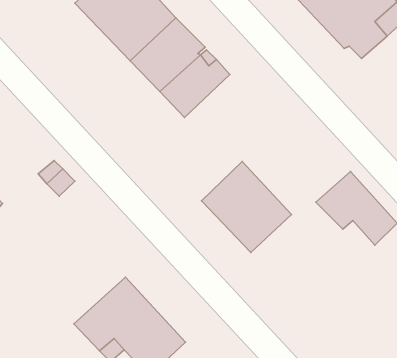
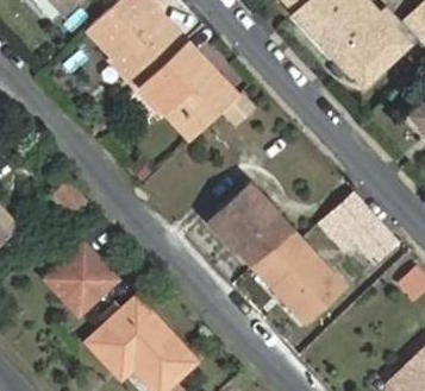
building: none -> [256,234,344,323]
building: none -> [45,242,114,311]

